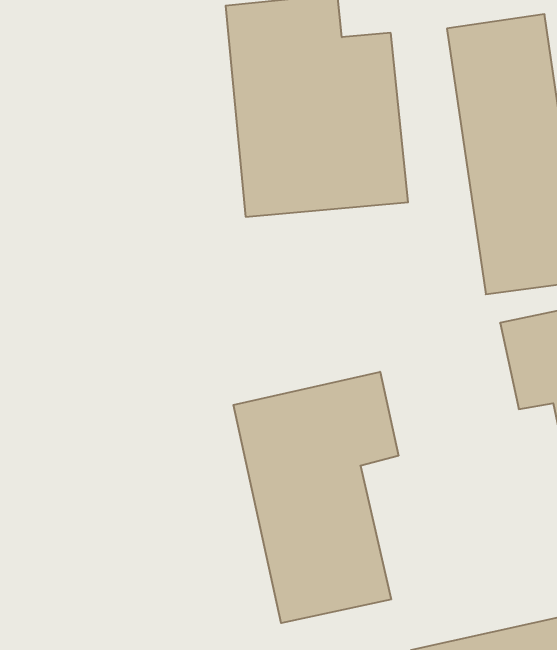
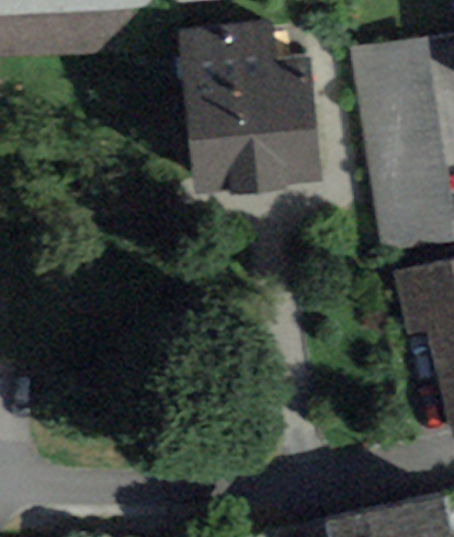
building: [233,372,398,623] -> none

